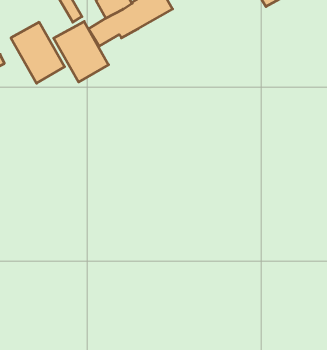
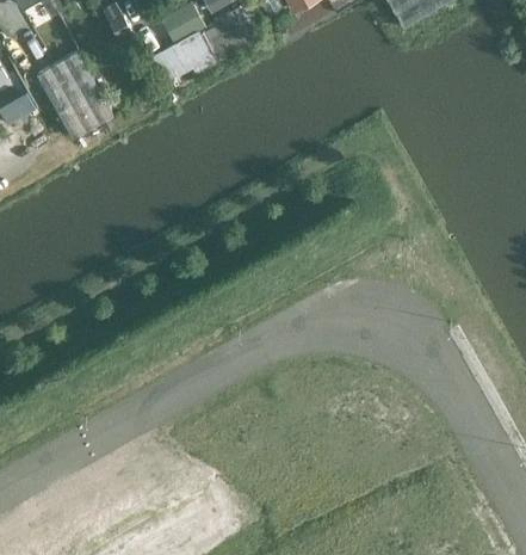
building: [54,21,109,82] -> none

